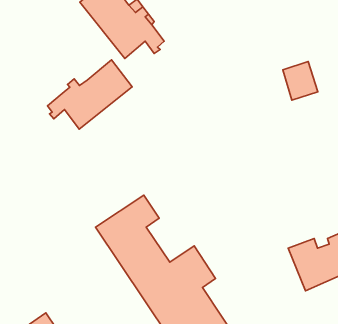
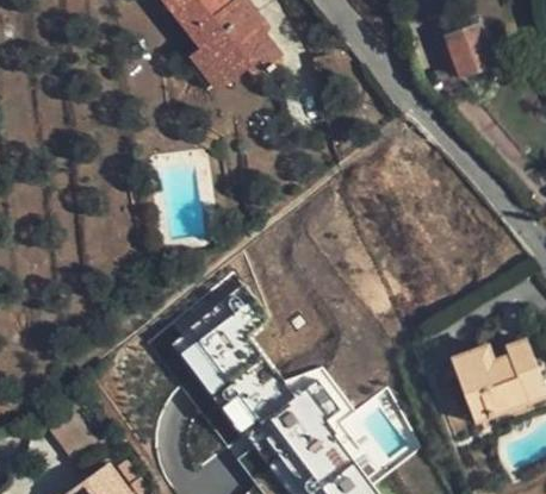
building: [48,60,132,129] -> none
building: [283,62,318,100] -> [443,25,495,81]

